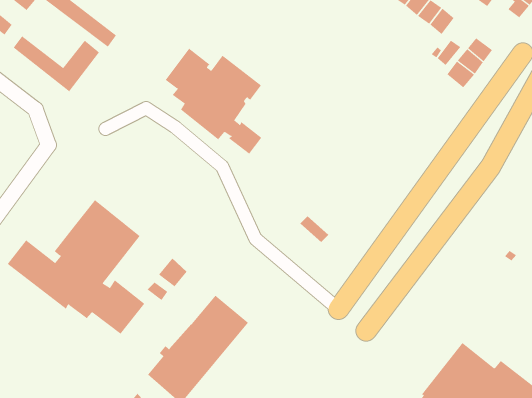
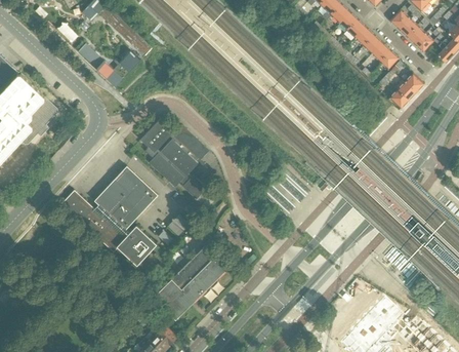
building: [165,48,262,155] -> [140,118,210,199]

